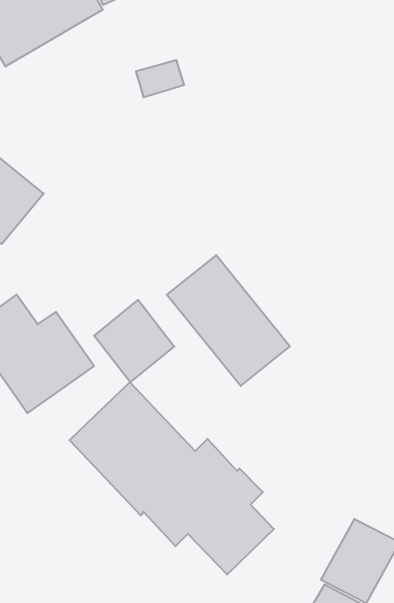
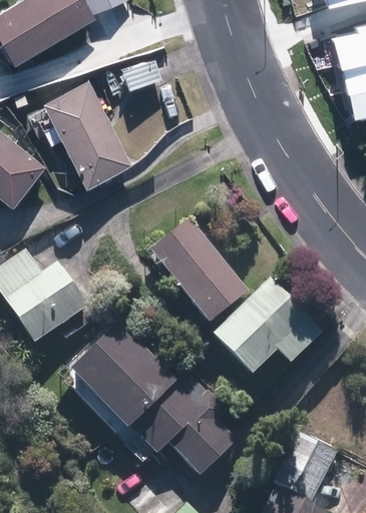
building: none -> [44,80,132,188]
building: [94,300,174,382] -> none
building: none -> [211,278,322,375]

